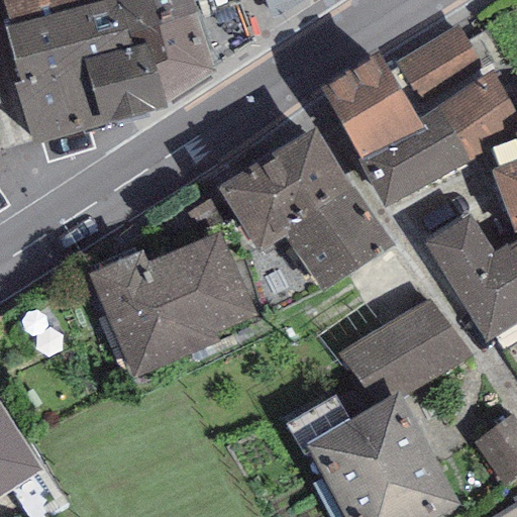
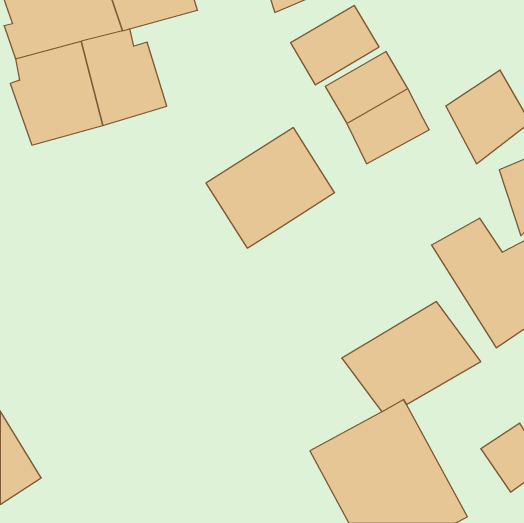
building: [129,10,215,104] -> none
building: [397,22,484,100] -> [291,6,379,85]
building: [361,104,470,206] -> none
building: [277,189,368,281] -> none
building: [86,241,240,373] -> none

